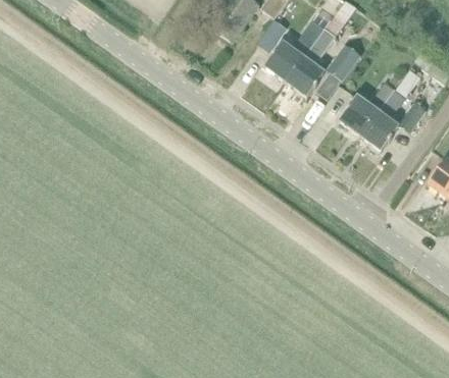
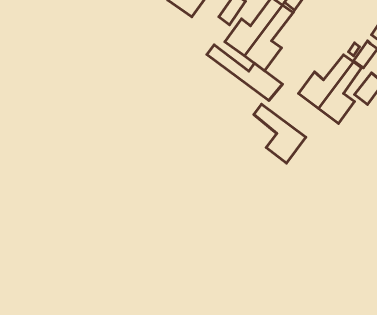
building: [327,46,361,82] -> none
building: none -> [207,45,282,101]
building: none -> [254,104,306,163]

